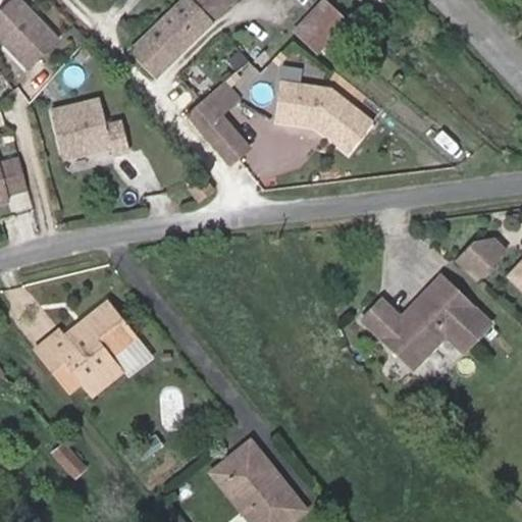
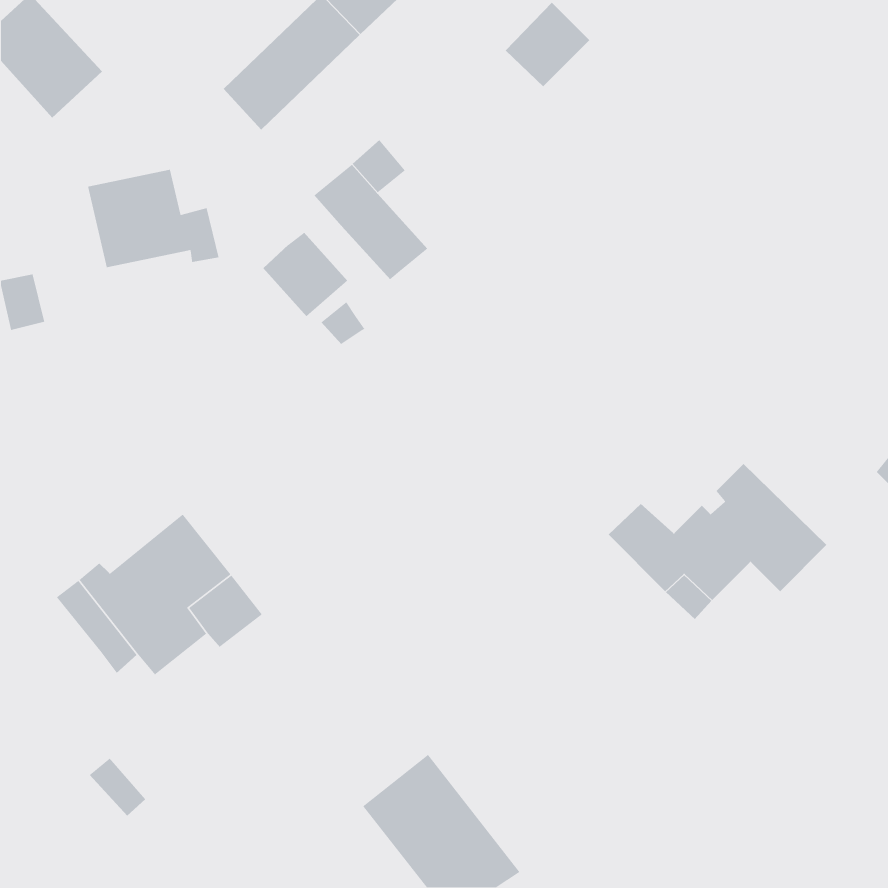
building: [277,84,373,153] -> none
building: none -> [263,232,348,317]
building: [450,234,501,276] -> none

